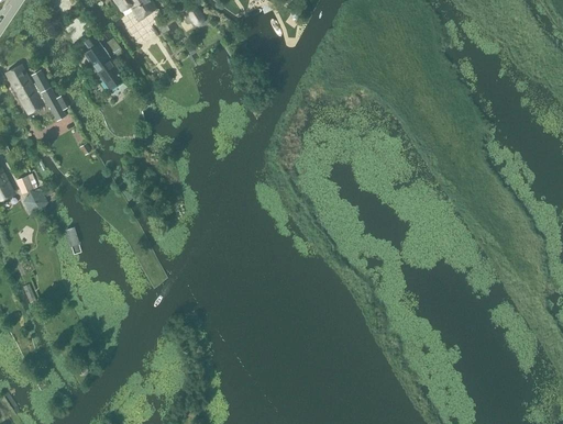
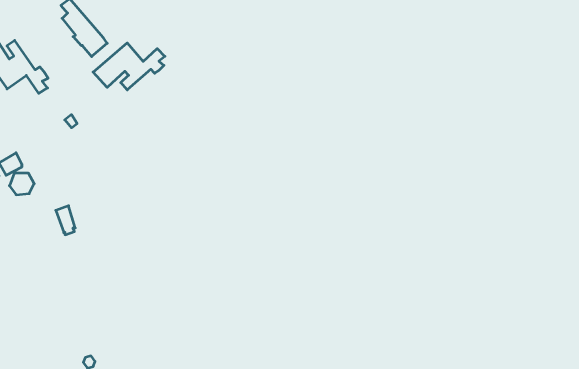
building: none -> [93,43,165,90]

